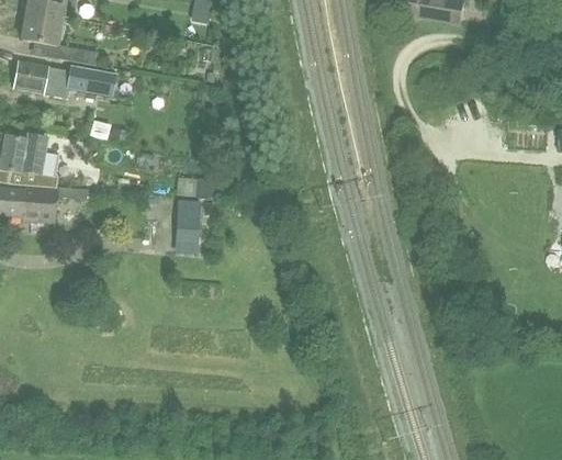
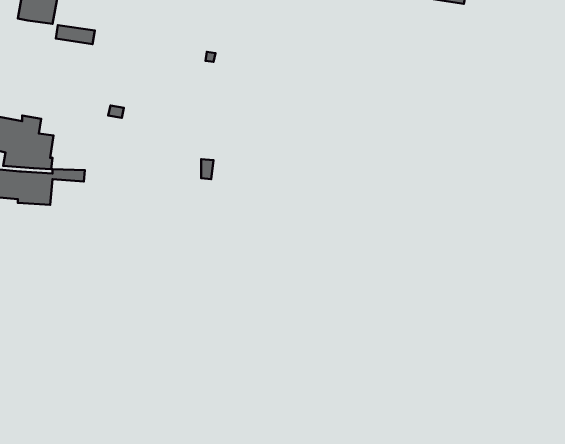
building: [12,59,116,99] -> none
building: [175,198,200,243] -> none

